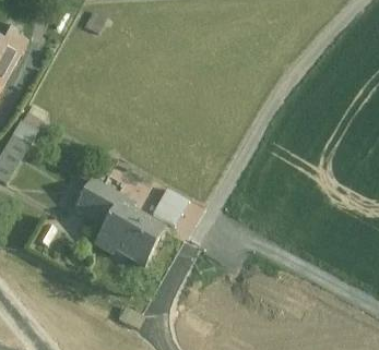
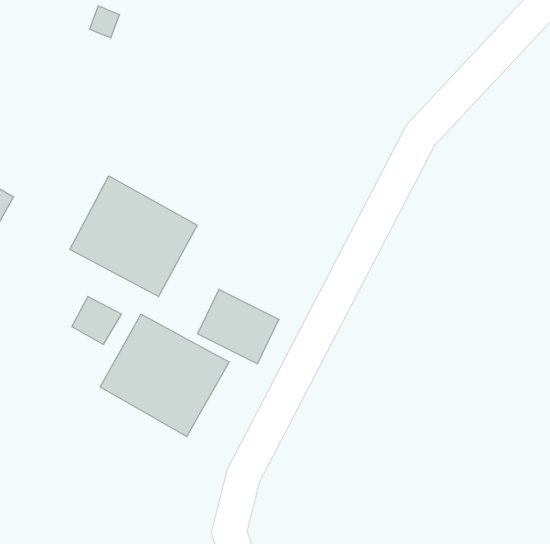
building: none -> [70,176,197,297]

